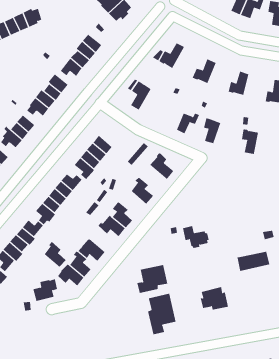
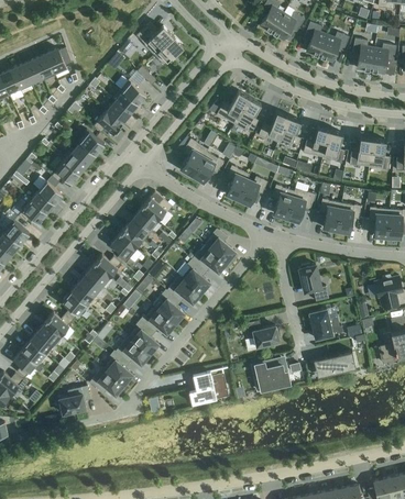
building: none -> [234,97,262,132]
building: none -> [278,117,302,151]
building: none -> [324,131,346,164]
building: none -> [193,149,225,182]
building: none -> [227,165,250,200]
building: none -> [286,189,316,222]
building: none -> [142,191,173,222]
building: none -> [337,203,362,233]
building: none -> [193,244,228,273]
building: none -> [299,264,329,301]
building: none -> [167,275,201,303]
building: none -> [310,309,343,339]
building: [44,241,67,267] -> [131,320,160,353]
building: [200,286,229,310] -> [254,358,291,388]
building: [148,293,176,335] -> none

